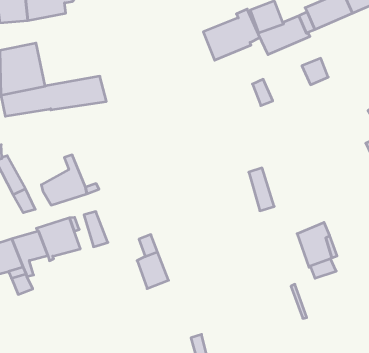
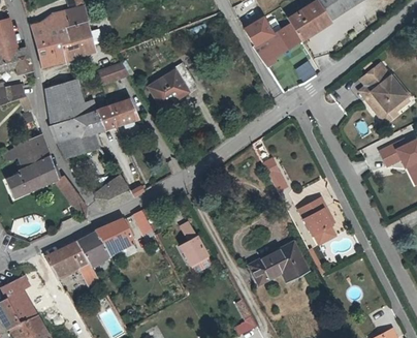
building: [203,9,260,60] -> [147,63,193,109]
building: none -> [95,60,128,84]
building: none -> [57,131,99,157]
building: none -> [249,241,309,283]

